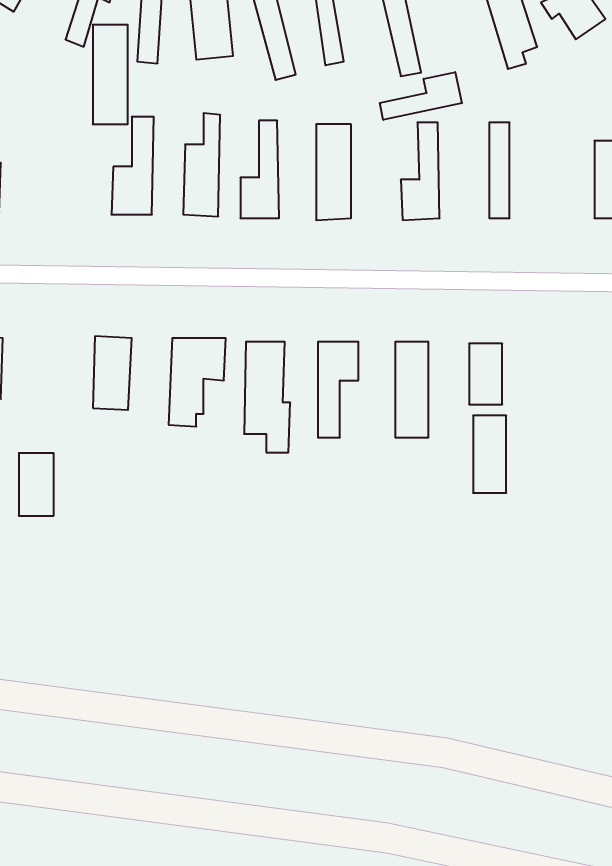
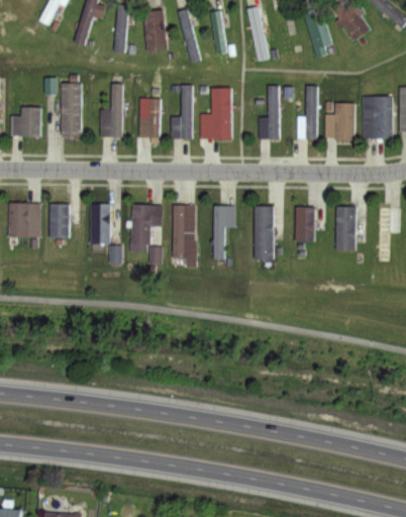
building: [93,25,128,124] -> [62,83,81,137]
building: [380,72,462,120] -> none
building: none -> [325,103,356,139]
building: [473,416,506,493] -> [336,207,354,249]
building: [19,453,54,516] -> [49,204,69,238]

